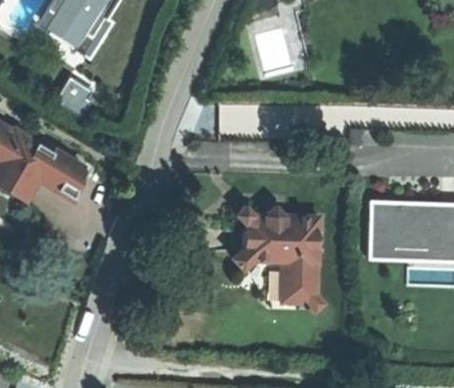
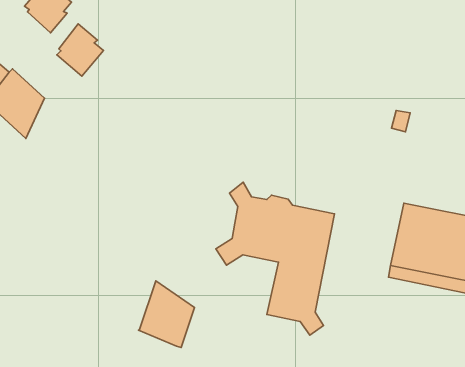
building: none -> [57,24,104,76]
building: none -> [139,281,195,348]

